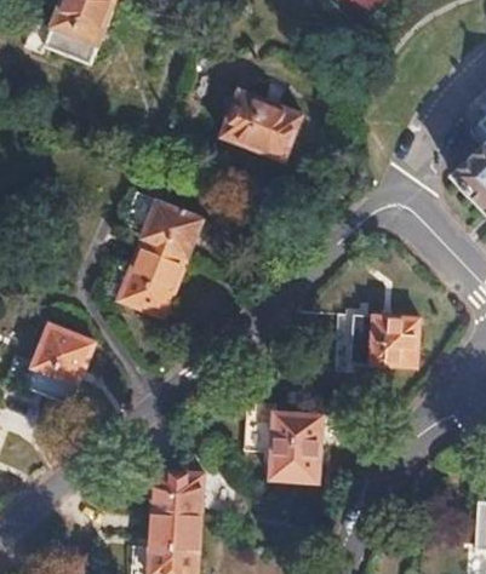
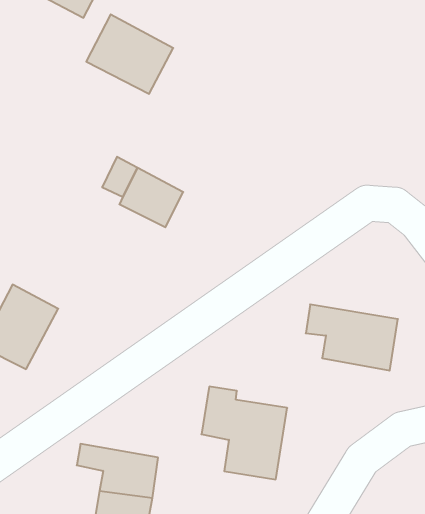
building: [219,90,301,161] -> [86,14,173,94]
building: [116,239,187,318] -> none

